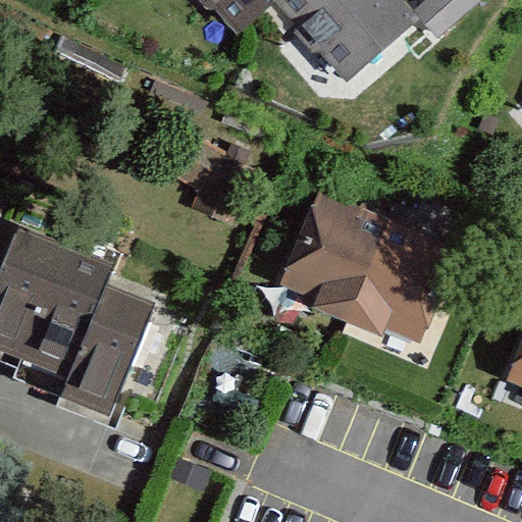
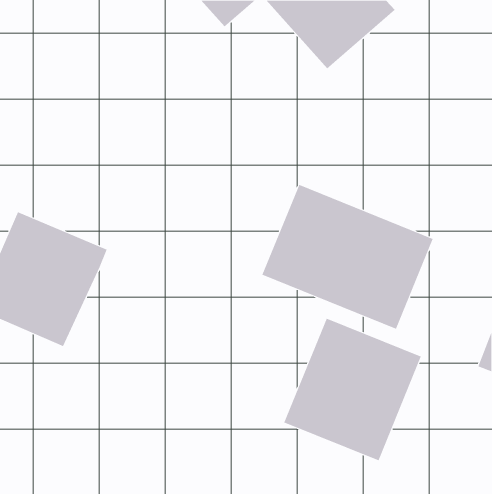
building: [56,283,157,413] -> none
building: none -> [284,318,421,461]

